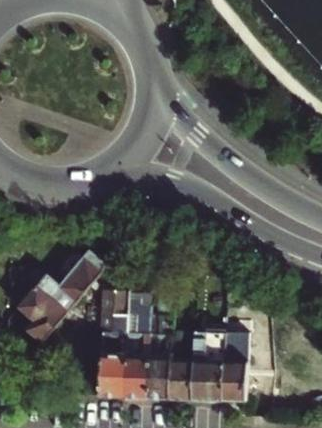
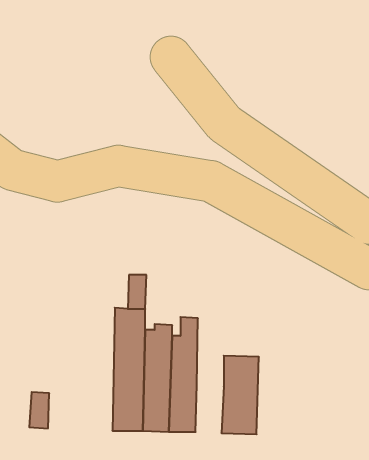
building: [18,251,104,343] -> none
building: [221,335,247,402] -> none
building: [169,359,193,400] -> none

